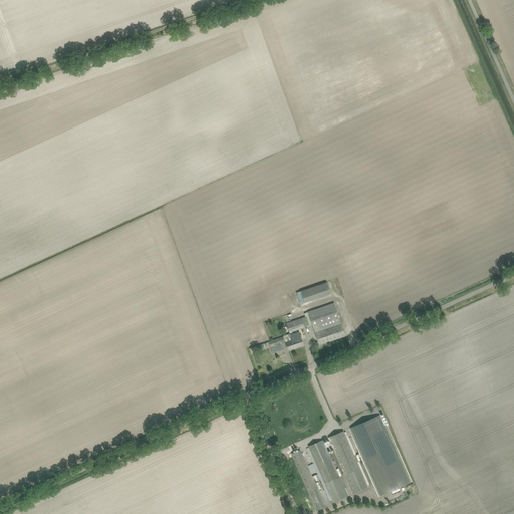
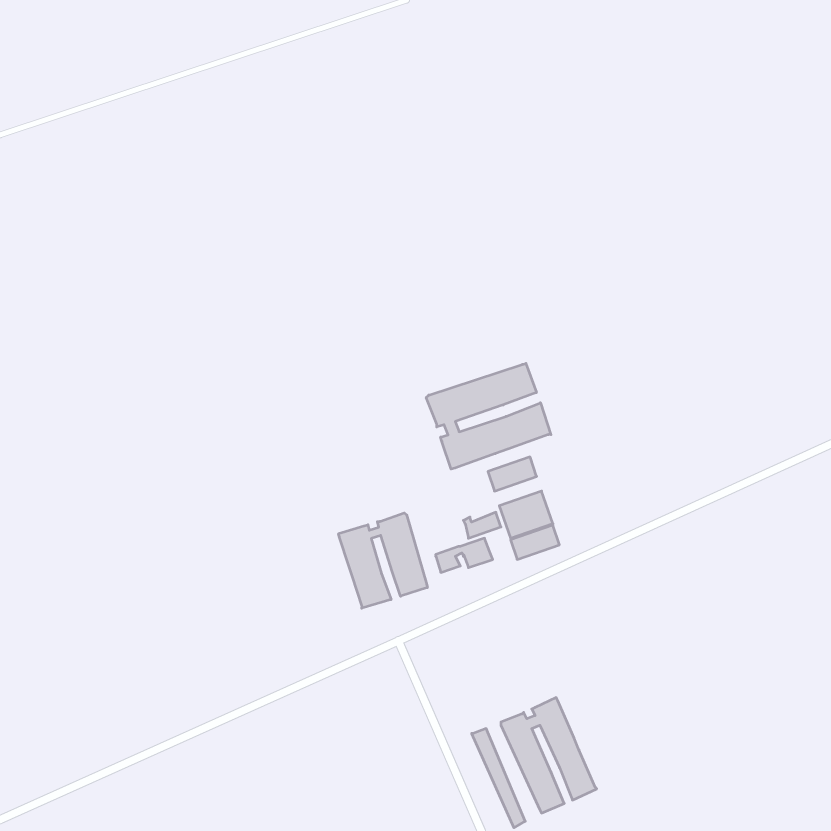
building: none -> [426,363,551,469]
building: none -> [339,513,427,608]
building: [350,415,410,496] -> none

